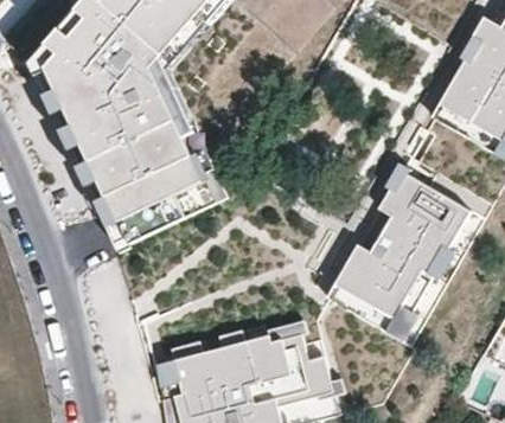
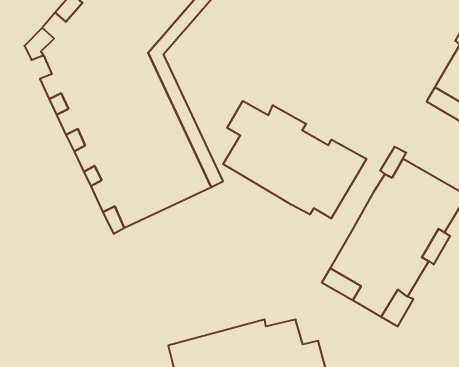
building: none -> [223,101,366,219]

